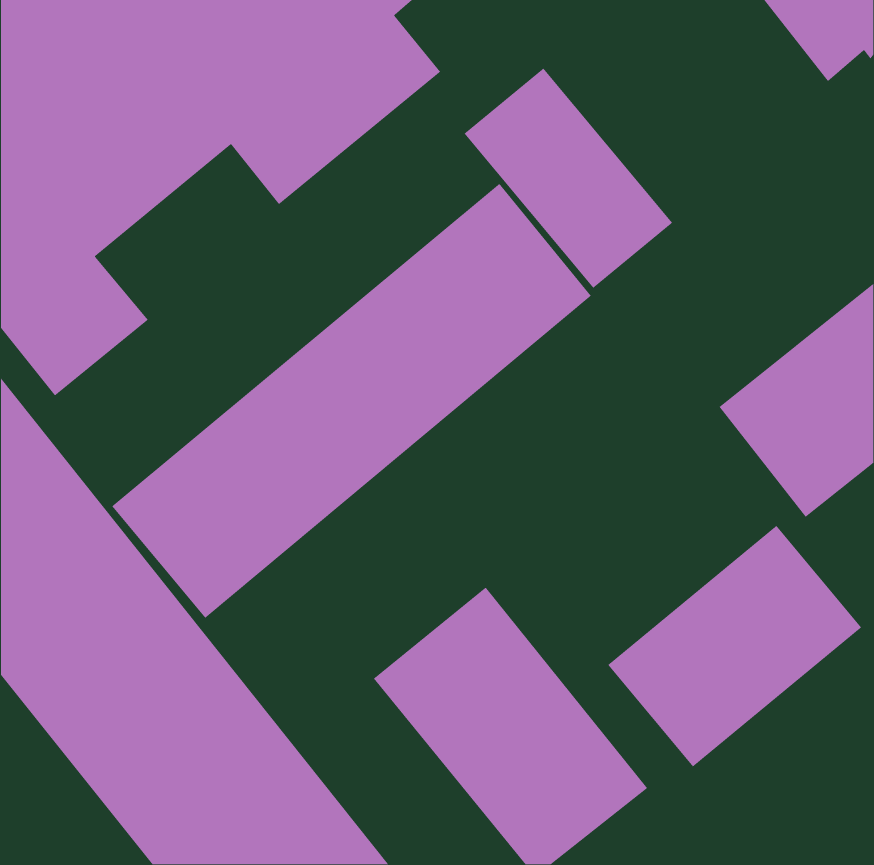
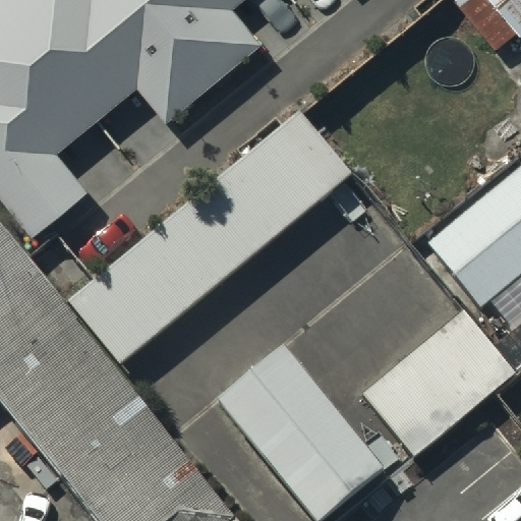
building: [463,67,673,289] -> none

